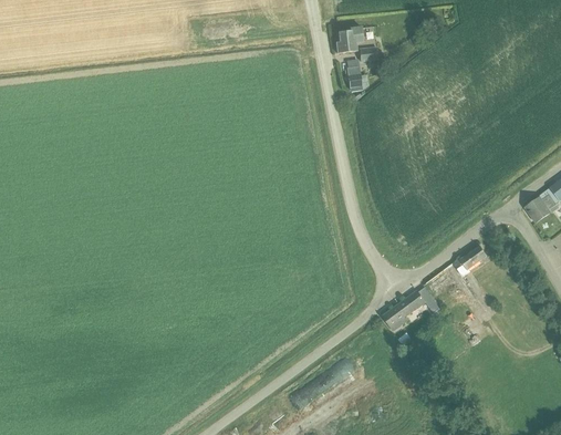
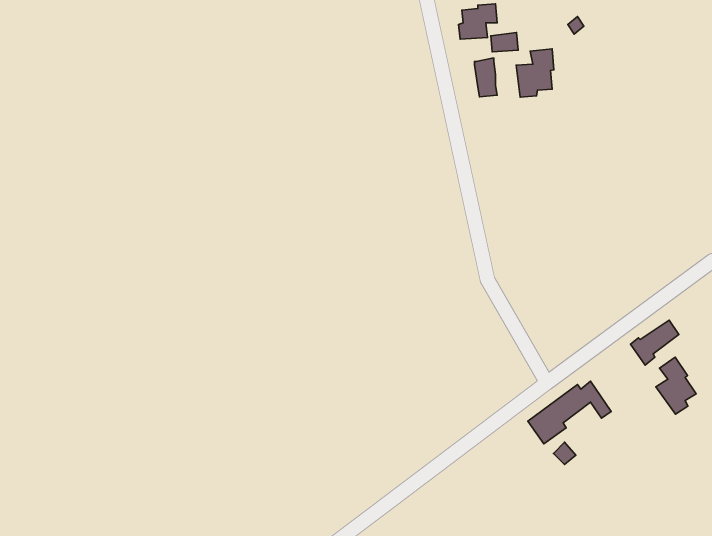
building: none -> [516,49,554,97]
building: none -> [656,357,696,414]

